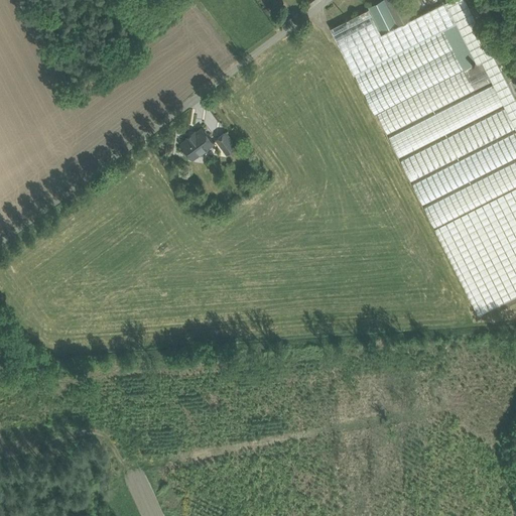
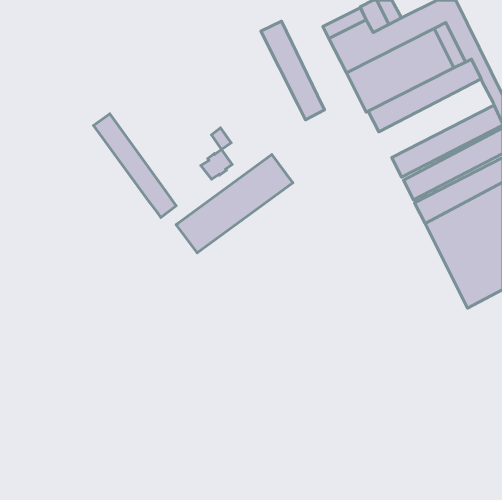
building: none -> [261,21,325,120]
building: [390,87,506,161] -> none
building: none -> [93,114,176,217]
building: [182,130,215,160] -> [201,150,232,179]
building: none -> [176,155,293,253]

